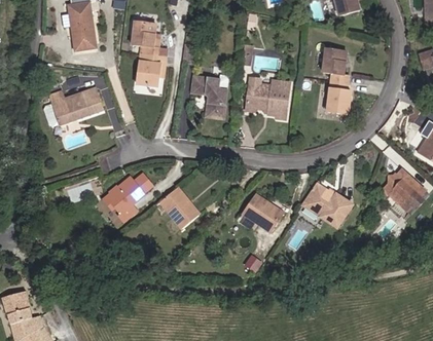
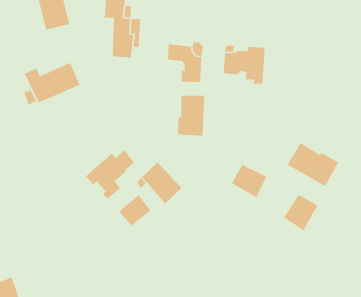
building: [323,49,351,113] -> none
building: none -> [177,95,205,136]
building: none -> [118,194,151,226]
building: none -> [283,194,319,231]

